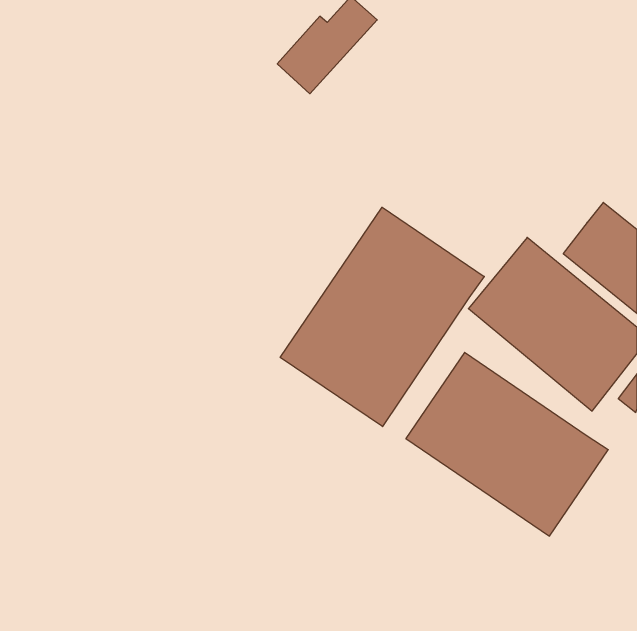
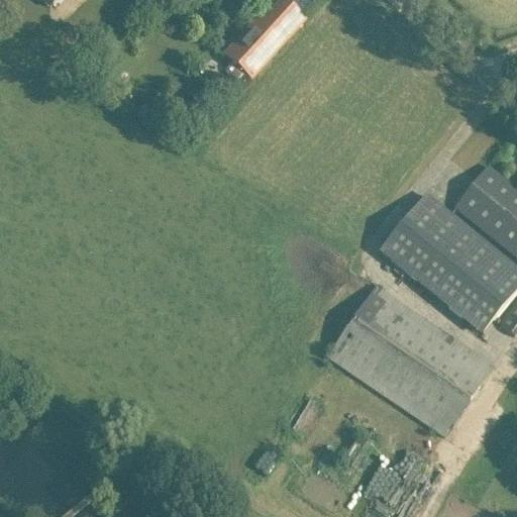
building: [280,207,484,427] -> none

